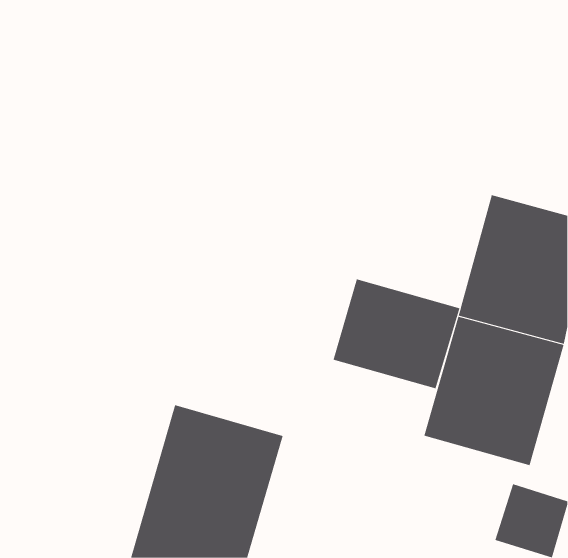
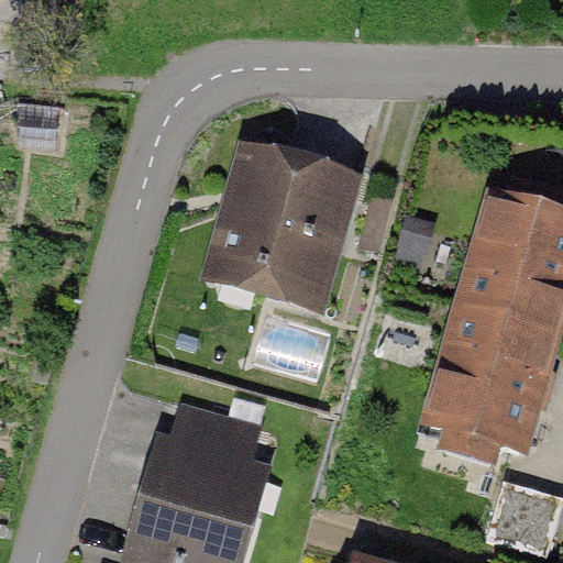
building: none -> [201,137,361,314]
building: [333,279,460,389] -> none

